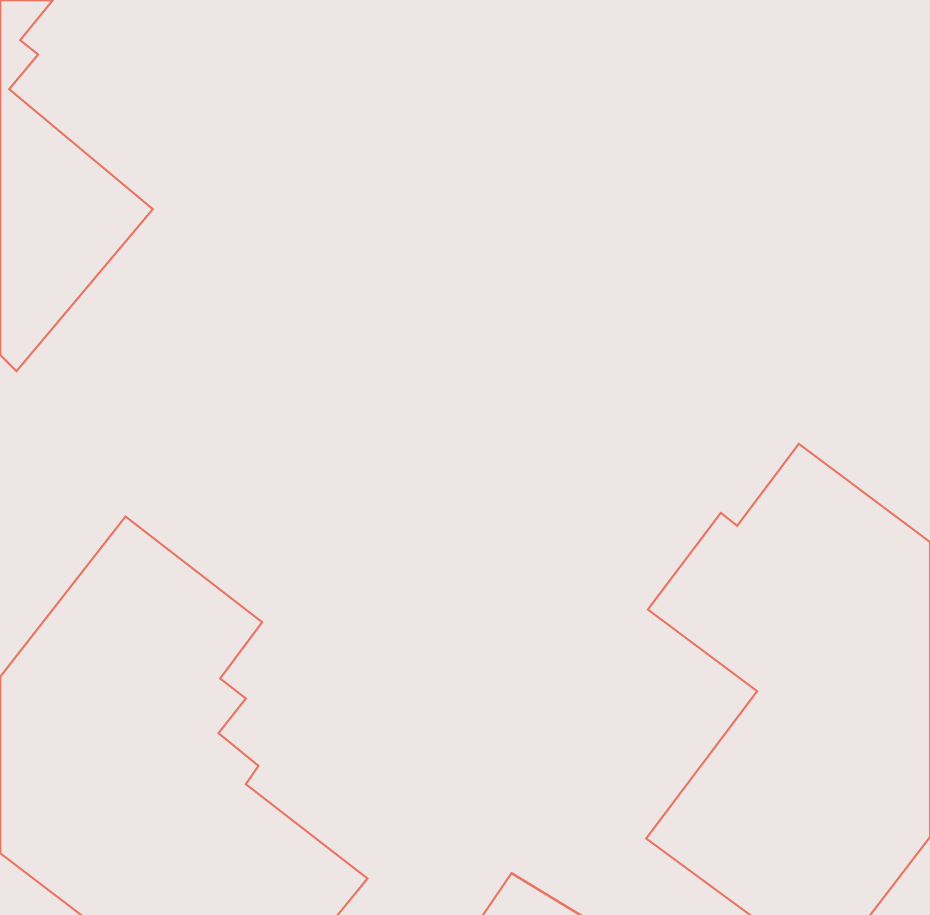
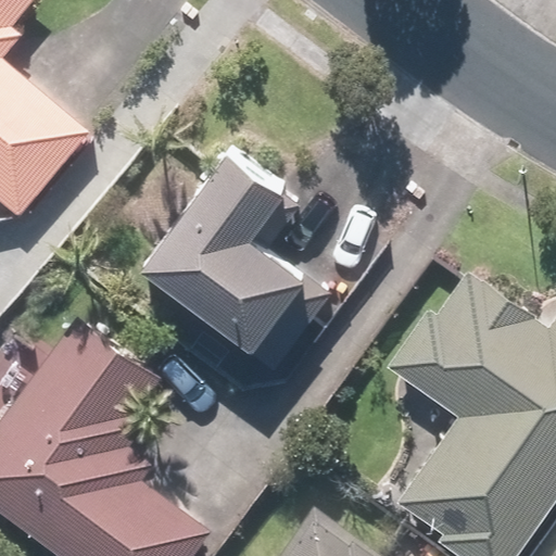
building: none -> [136,149,325,366]

